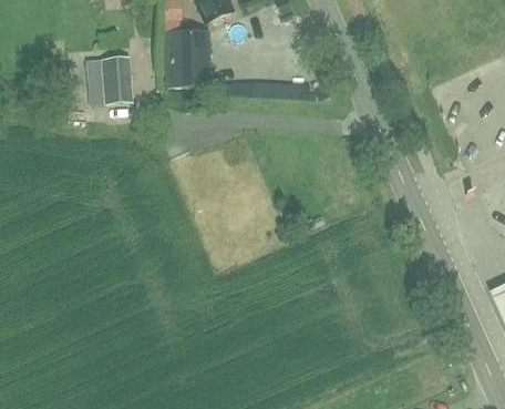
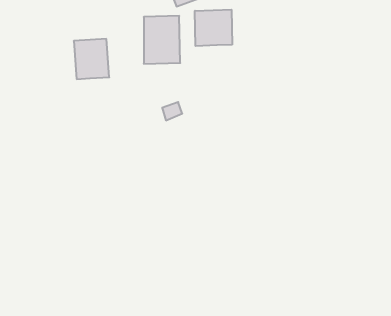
building: none -> [195,10,232,46]

